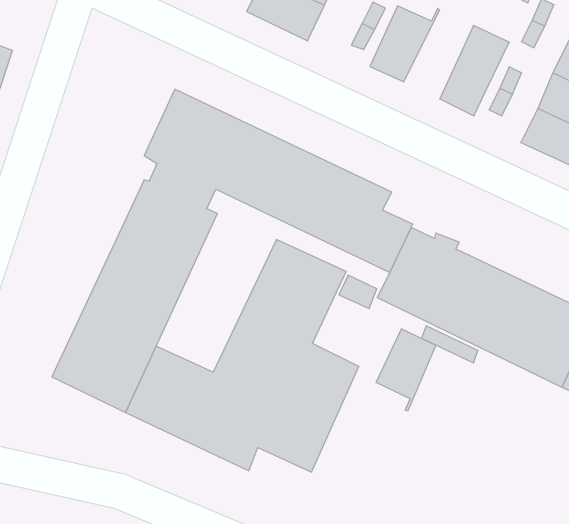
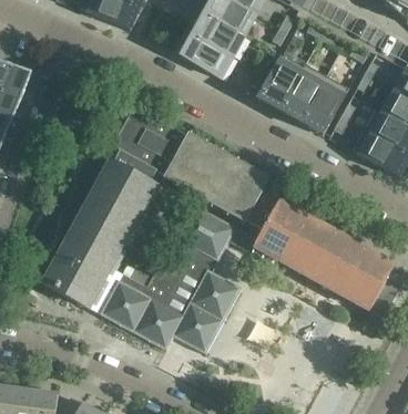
building: none -> [279,62,326,118]
building: [376,329,436,411] -> none

